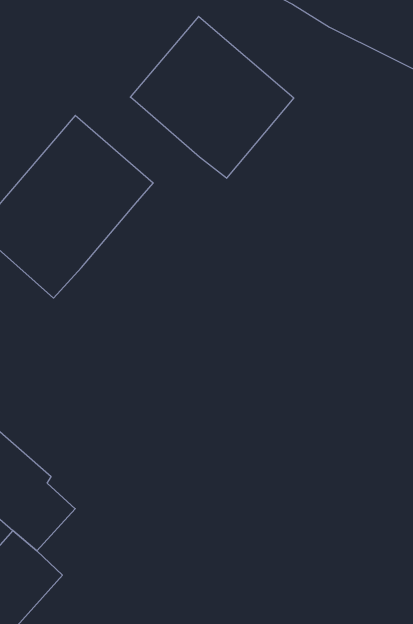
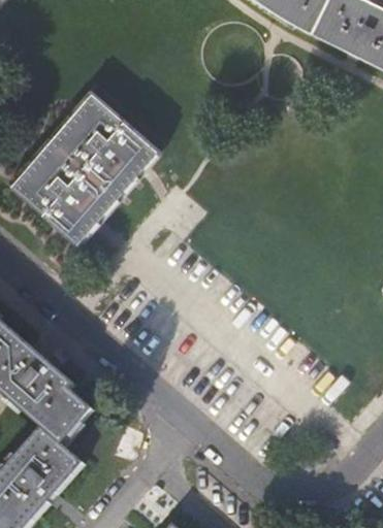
building: [130,16,294,178] -> none

